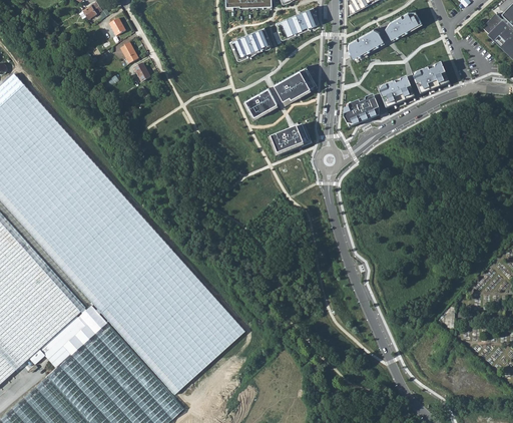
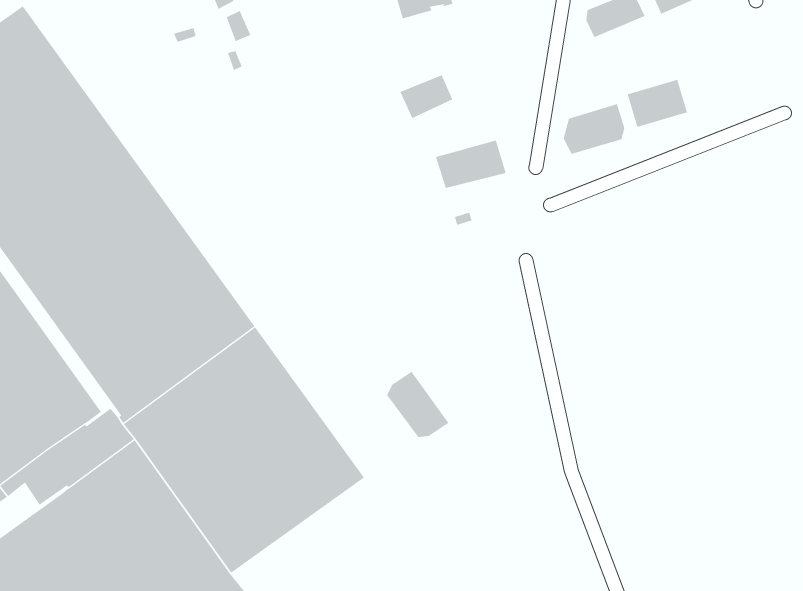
building: [410,63,447,94] -> none
building: [272,70,307,99] -> none
building: none -> [386,371,449,438]

